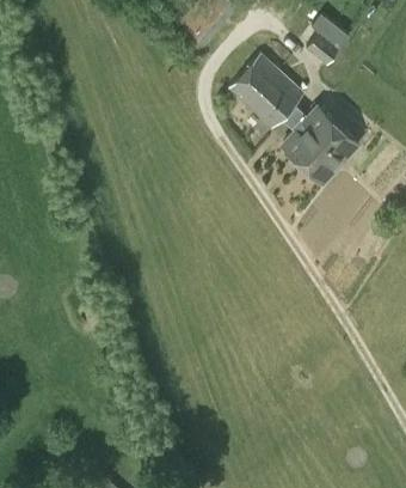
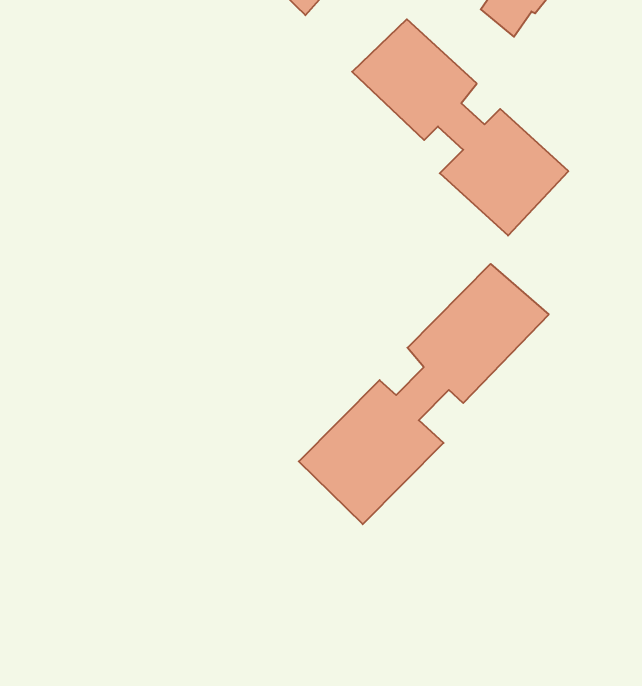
building: none -> [299,264,549,524]

